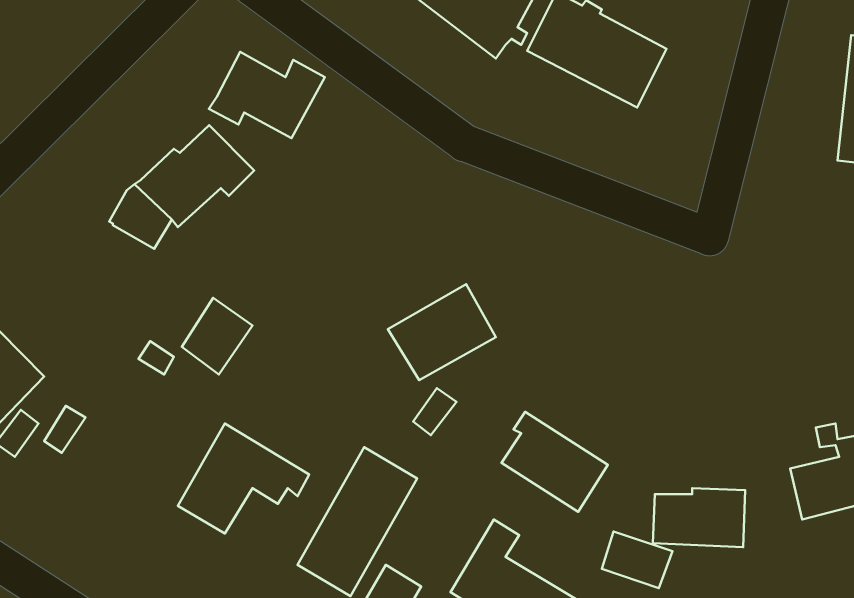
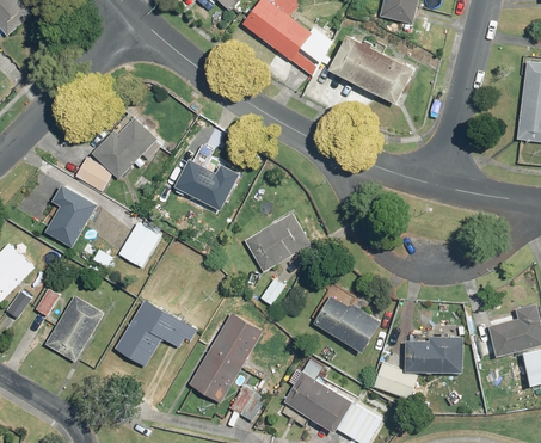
building: [209,52,325,138] -> [168,156,239,209]
building: none -> [44,183,97,247]
building: none -> [44,294,104,362]

